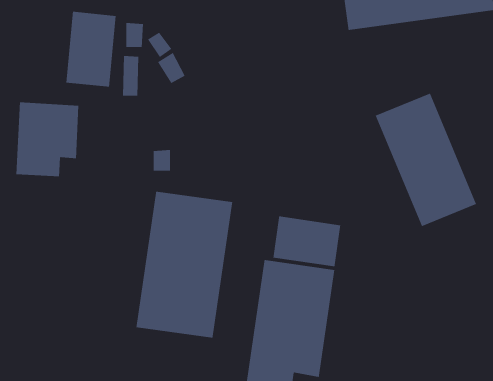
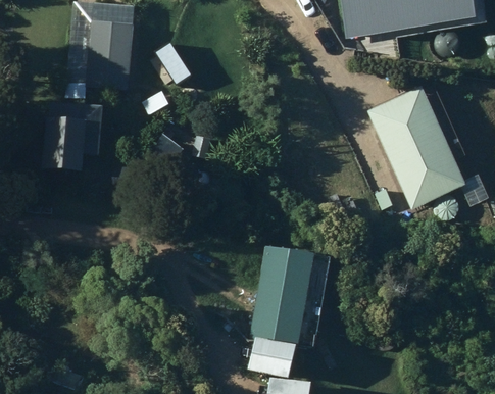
building: [136,191,233,339] -> none
building: [273,216,341,267] -> none

